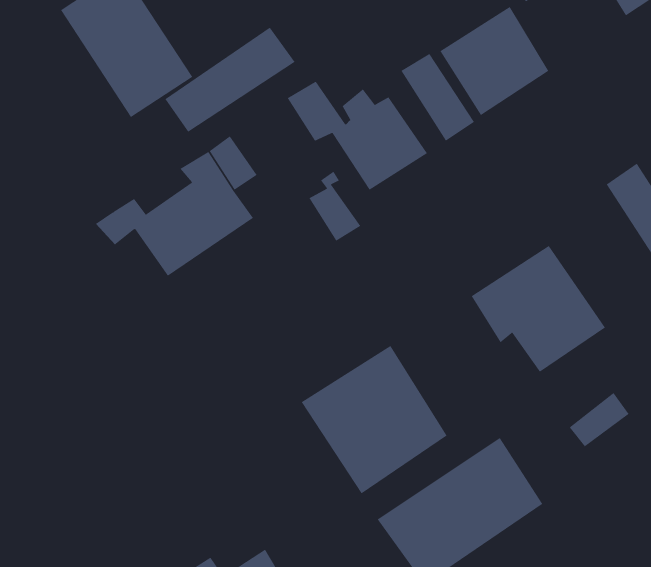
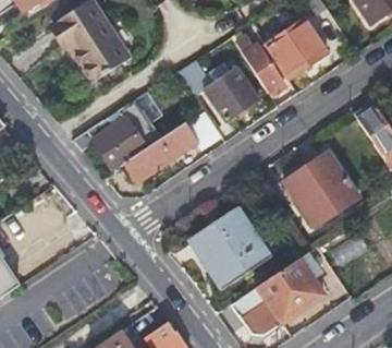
building: [164,27,295,133] -> [124,124,197,183]

